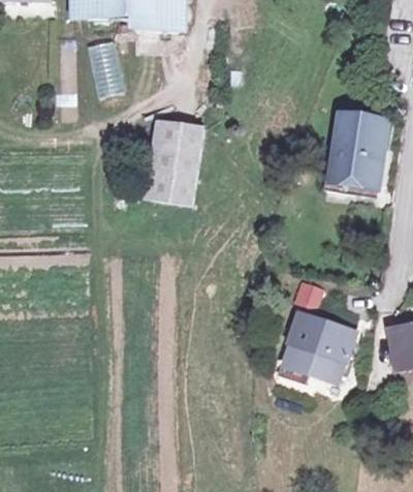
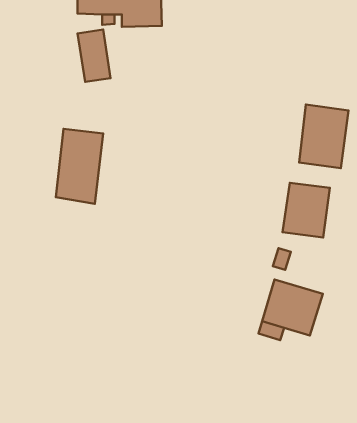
building: [150,126,201,208] -> [56,129,103,204]
building: none -> [282,183,330,238]

